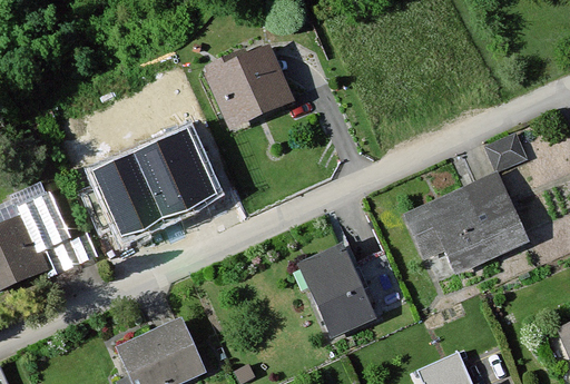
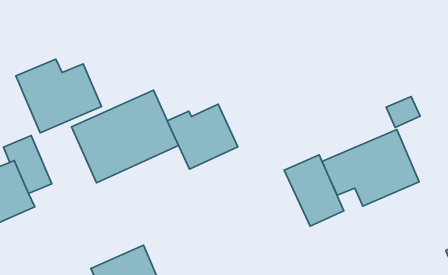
building: [204,49,292,130] -> [167,104,238,169]
building: none -> [16,59,102,133]
building: [298,244,373,333] -> [284,155,344,226]

